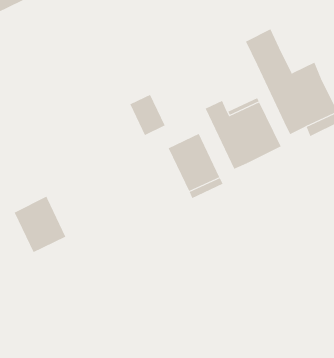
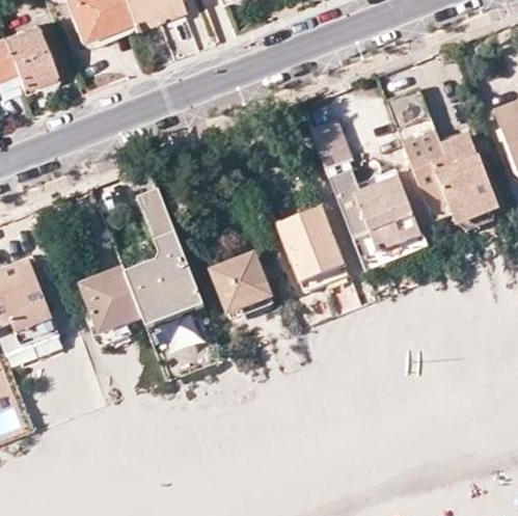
building: [129,94,166,136] -> [309,118,352,169]
building: none -> [125,192,207,333]
building: none -> [212,255,274,319]

